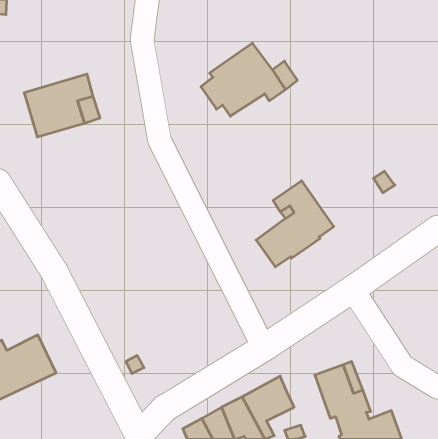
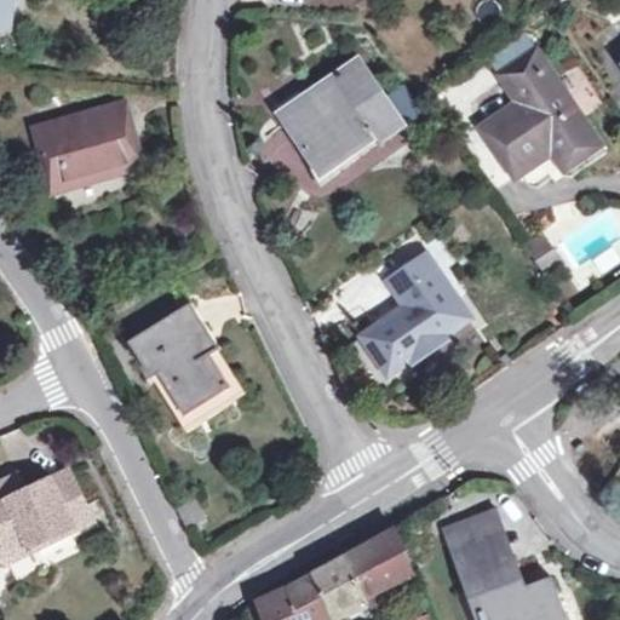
building: none -> [480,51,598,178]
building: none -> [126,303,226,415]

